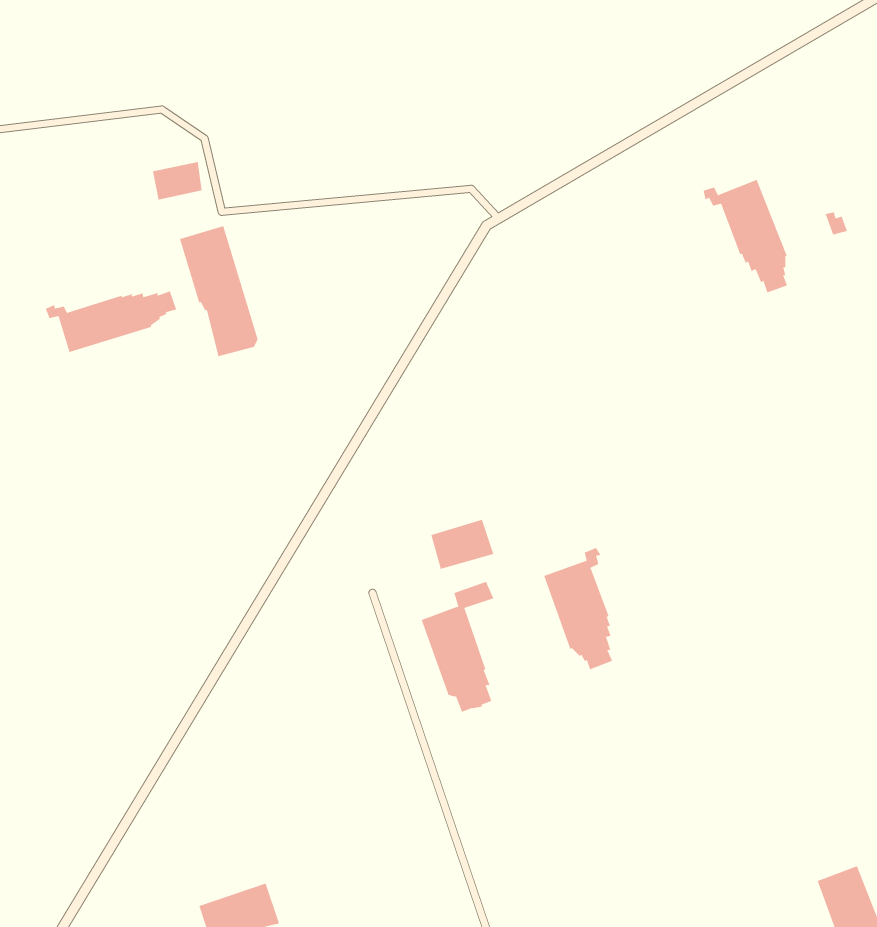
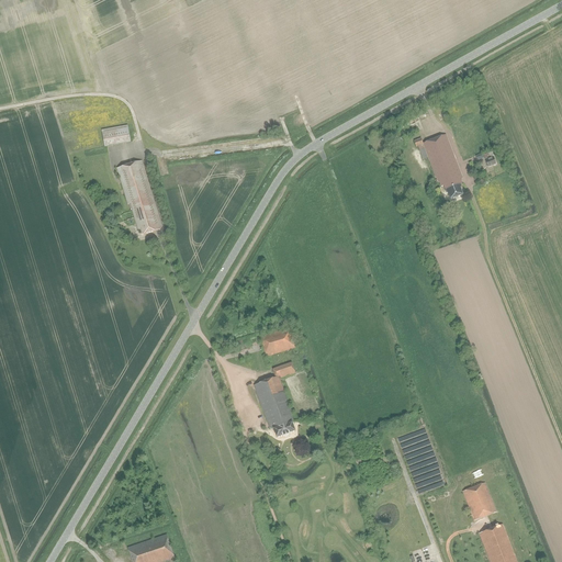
building: [45,290,177,353] -> none
building: [543,547,613,670] -> none
building: none -> [462,482,496,520]

